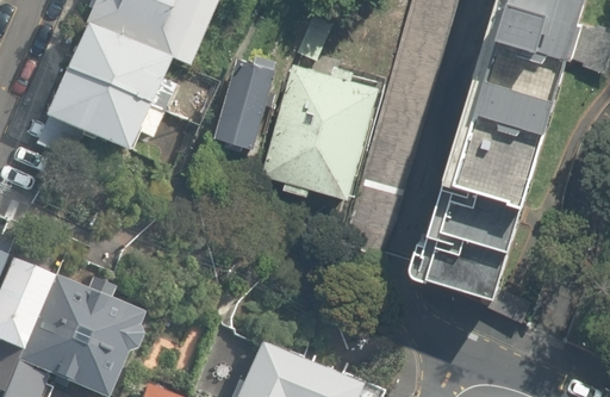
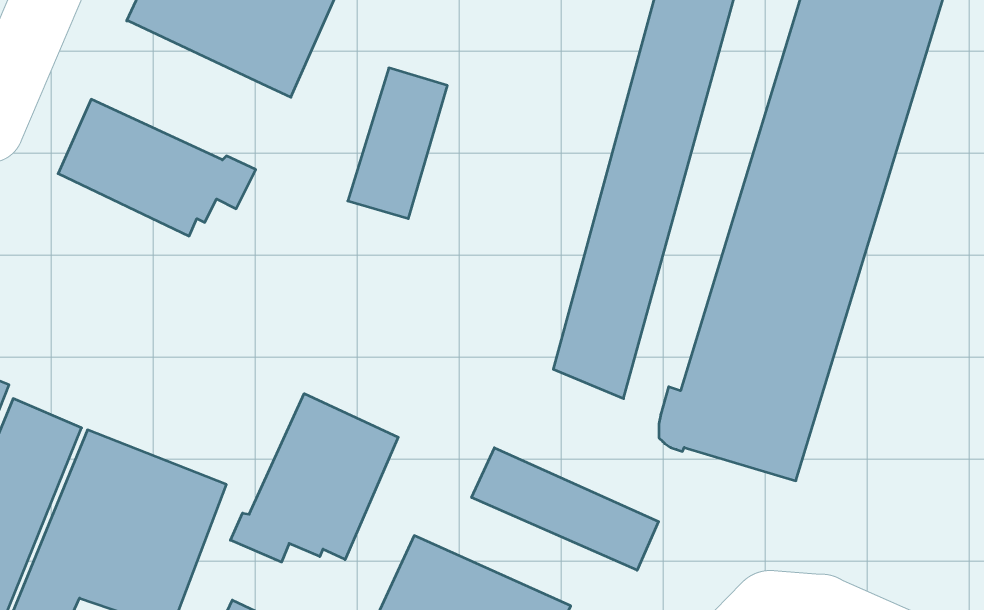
building: [62,26,174,117] -> none
building: [264,58,381,198] -> none
building: none -> [230,394,398,562]
building: none -> [472,448,659,570]

